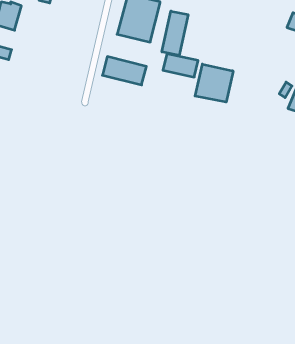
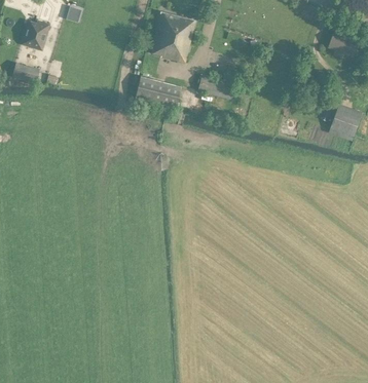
building: [162,11,188,55] -> none
building: [195,64,233,102] -> none

